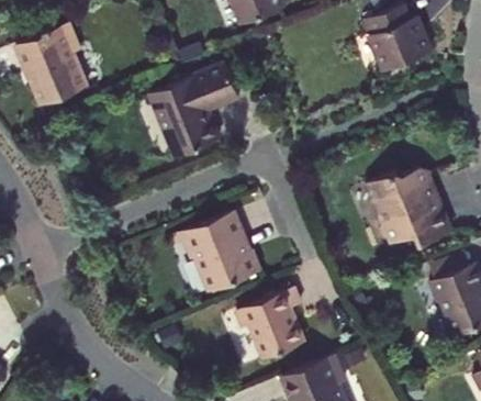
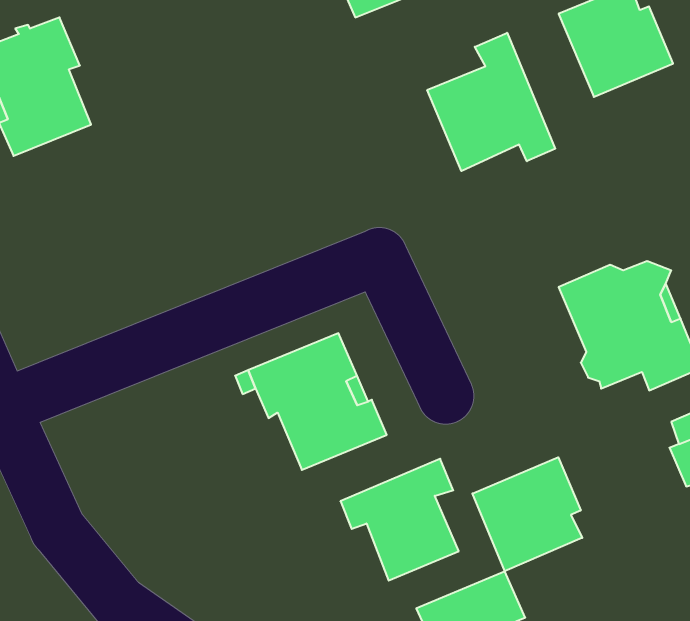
building: none -> [427,33,555,171]
building: [148,63,239,157] -> none
building: none -> [472,457,582,571]

